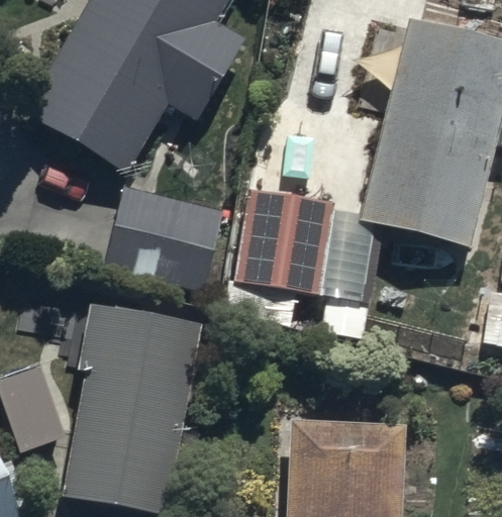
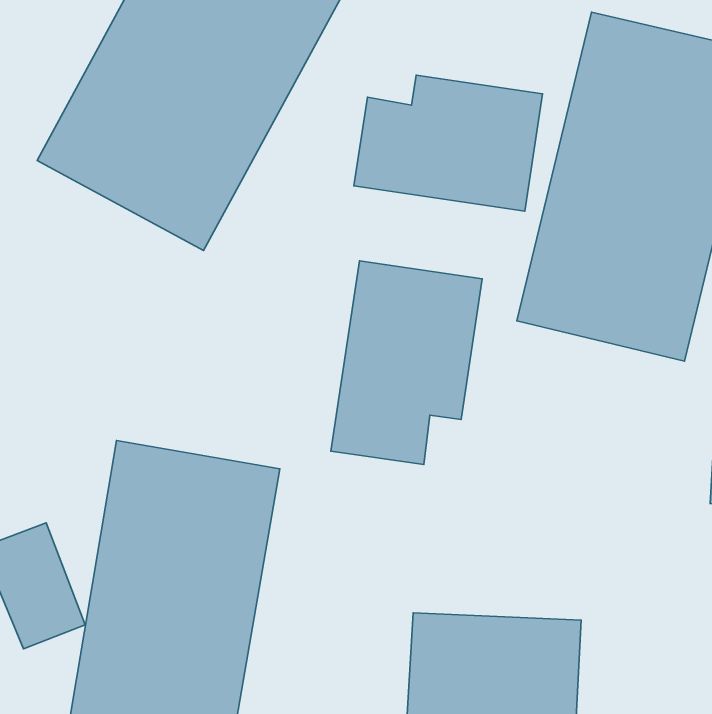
building: none -> [354,75,543,211]
building: [103,183,224,293] -> none

